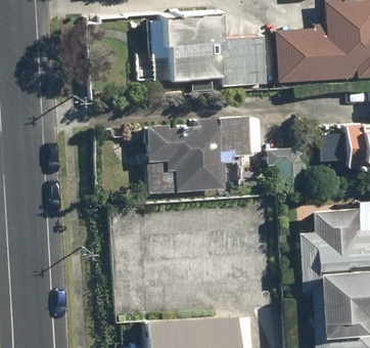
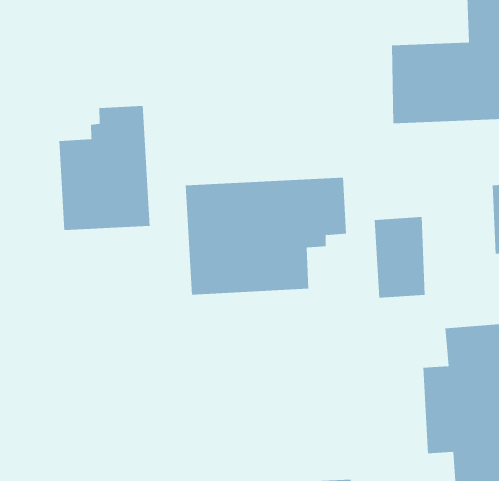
building: [154,15,266,84] -> none
building: none -> [59,105,150,231]

